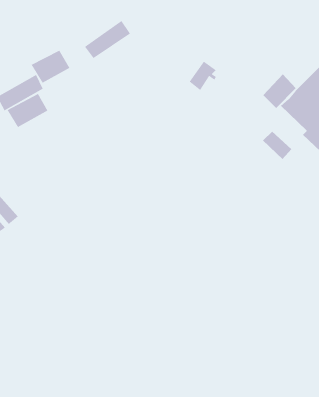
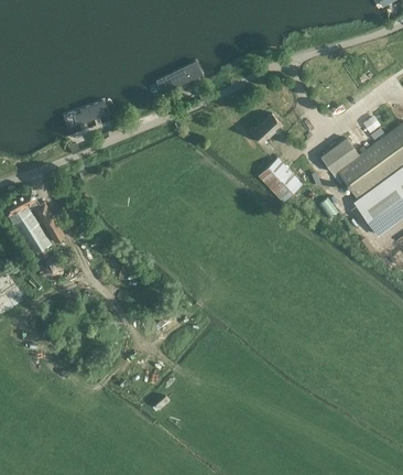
building: [31,50,70,84] -> none
building: [7,93,48,128] -> none
building: none -> [259,158,302,202]

